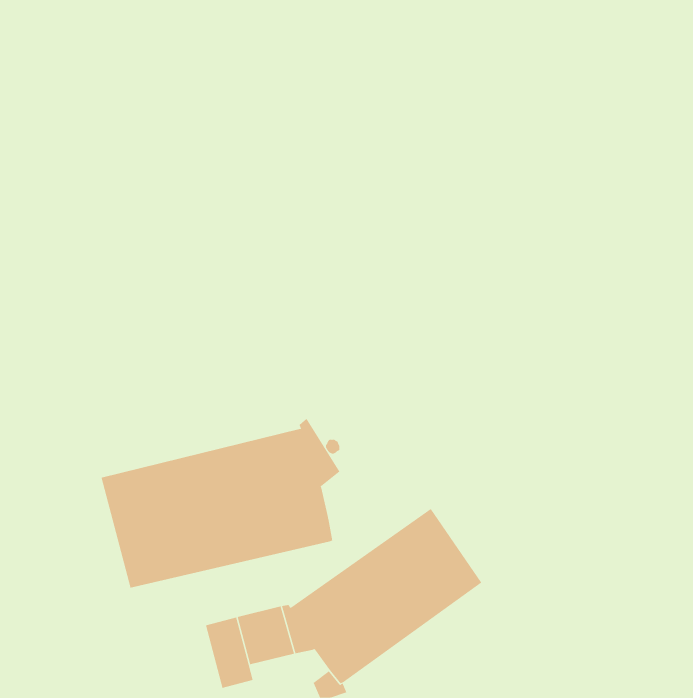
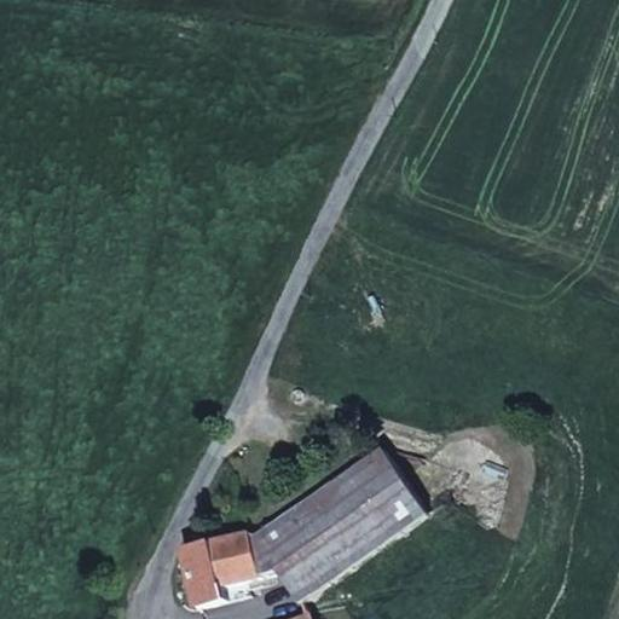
building: [101,418,340,589] -> none

